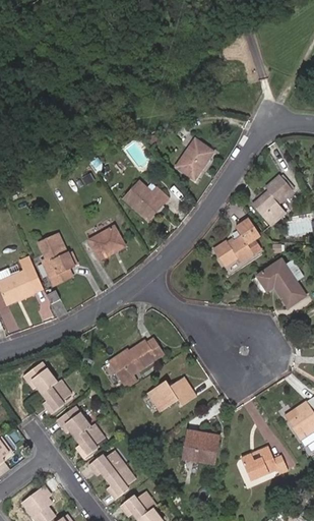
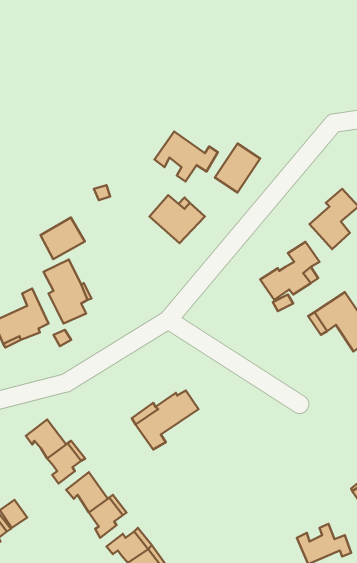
building: none -> [155,131,218,181]
building: [88,226,124,259] -> [41,218,85,259]
building: [146,377,196,412] -> none
building: [183,430,217,463] -> none

